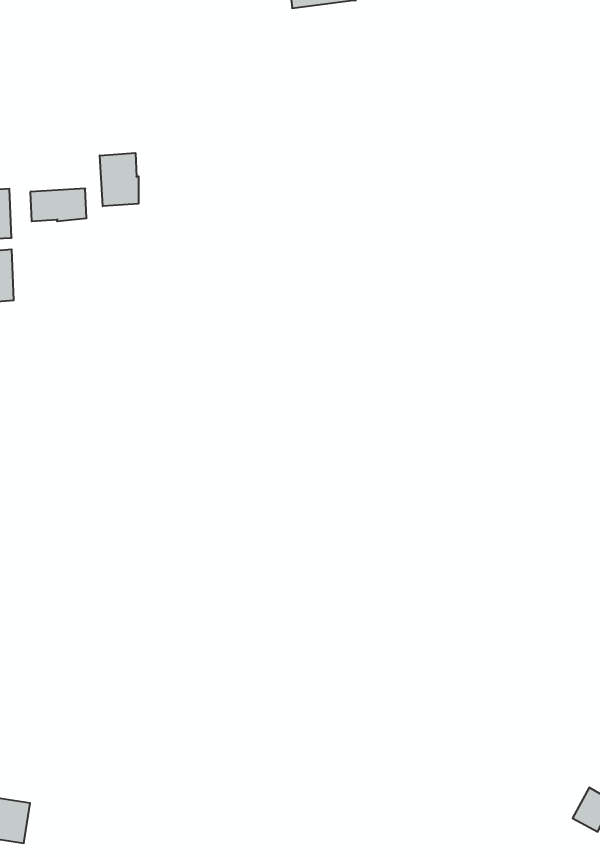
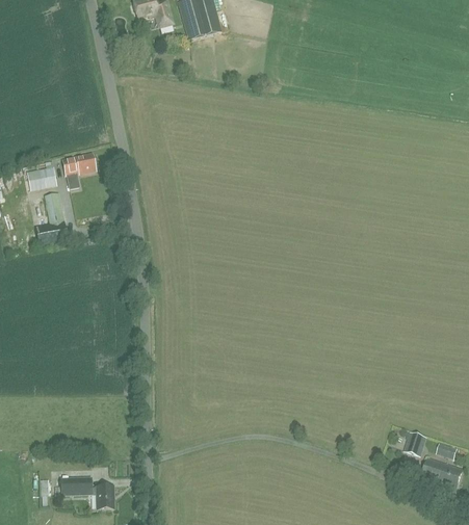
building: [100,153,139,206] -> none

